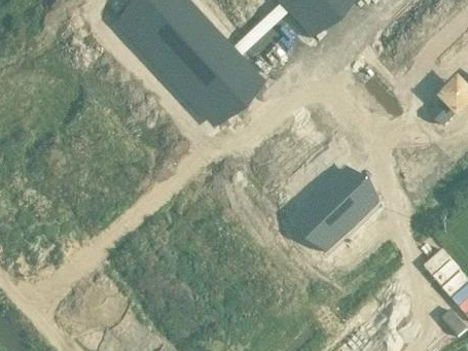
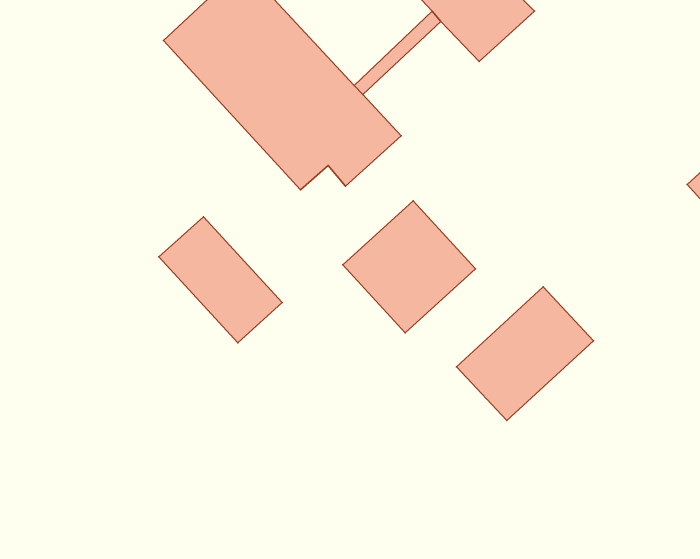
building: none -> [343,201,476,333]
building: none -> [159,217,282,343]

